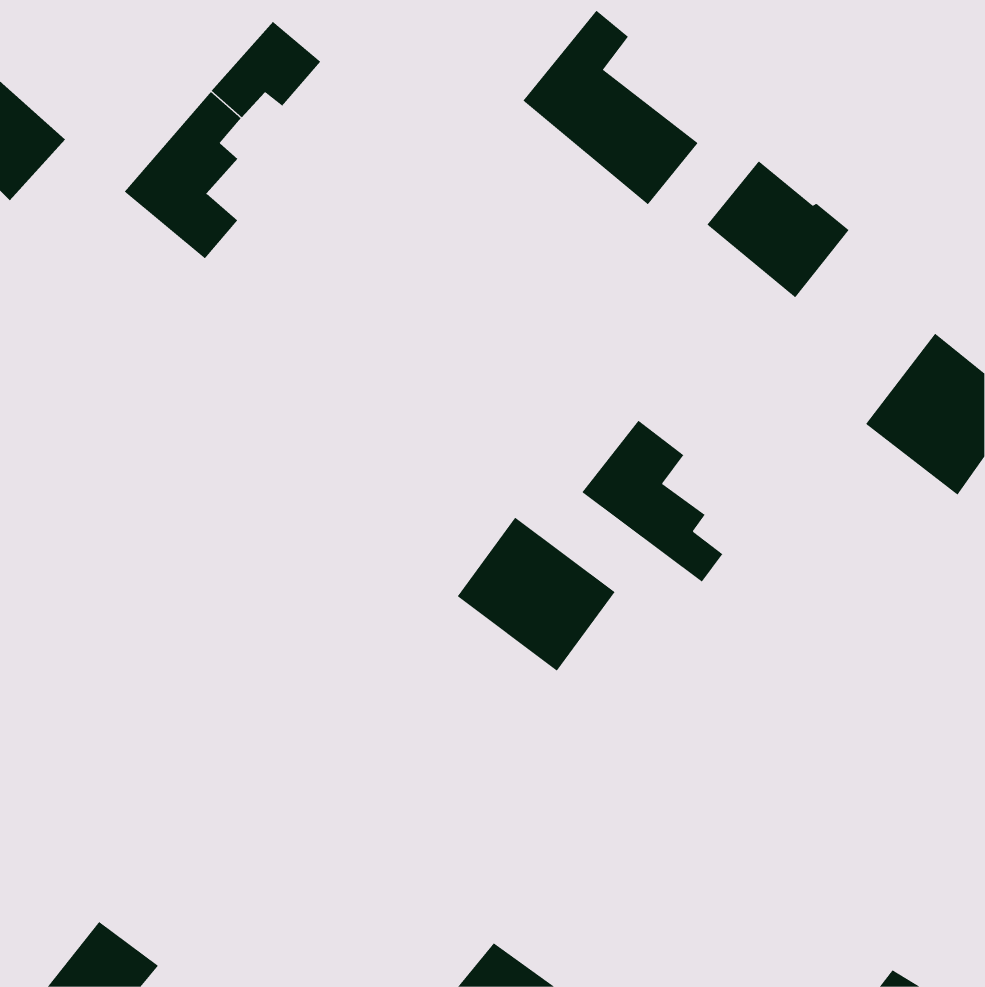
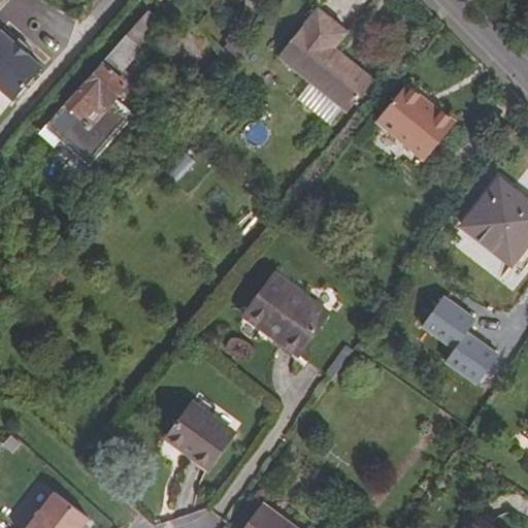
building: none -> [44,102,109,161]
building: [582,420,723,583] -> none
building: none -> [421,296,497,384]
building: none -> [166,404,232,468]

